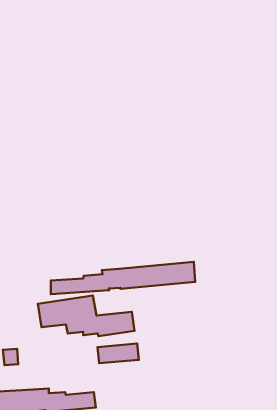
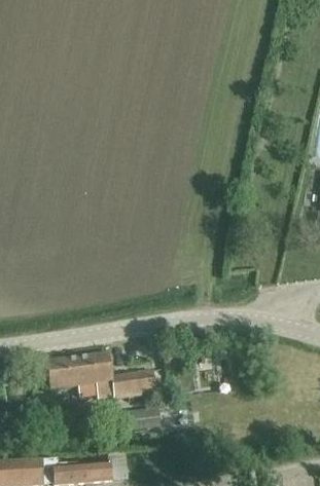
building: [51,262,195,294] -> none

